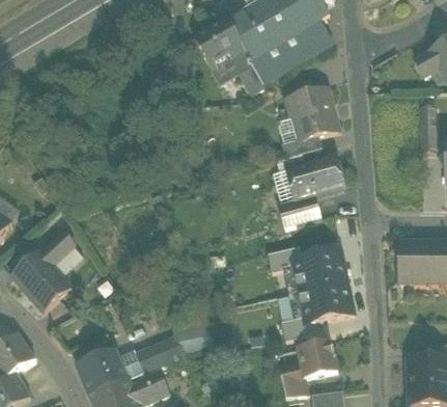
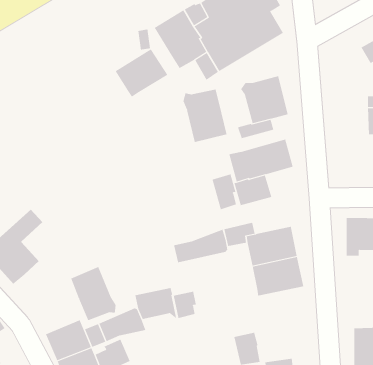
building: none -> [115,48,168,97]
building: none -> [183,88,227,143]
building: none -> [212,174,237,210]
building: none -> [173,229,228,263]
building: none -> [70,266,116,321]
building: [282,316,316,340] -> none
building: none -> [173,291,196,319]
building: [298,340,337,376] -> none

